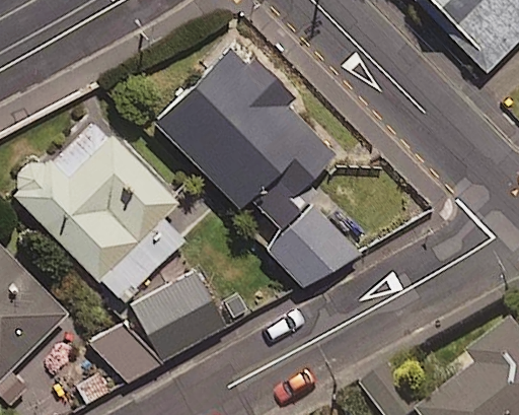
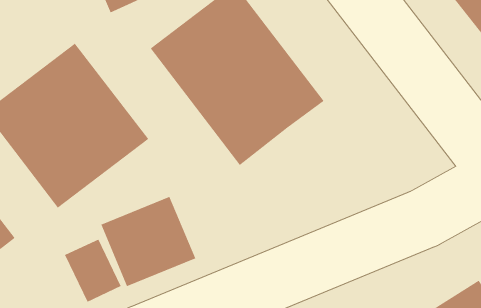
building: [261,187,361,288] -> none

